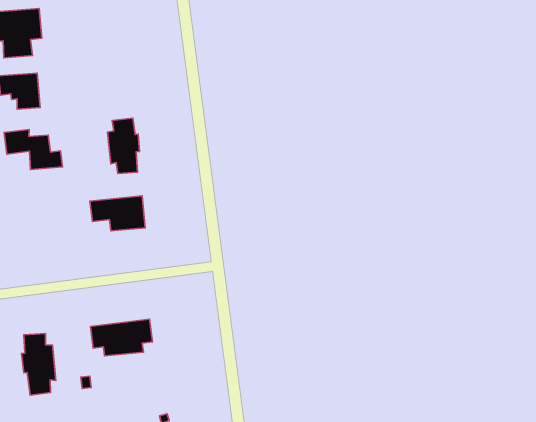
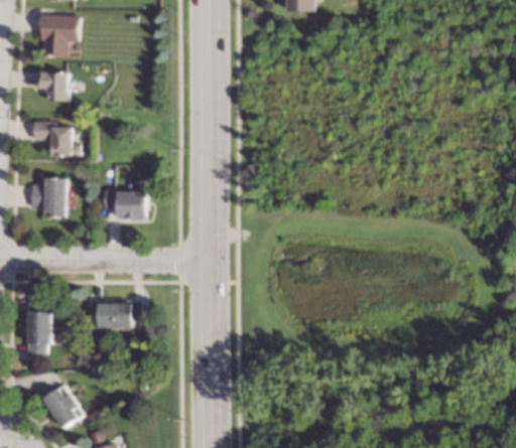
building: [107,118,139,174] -> none
building: none -> [32,177,69,218]

